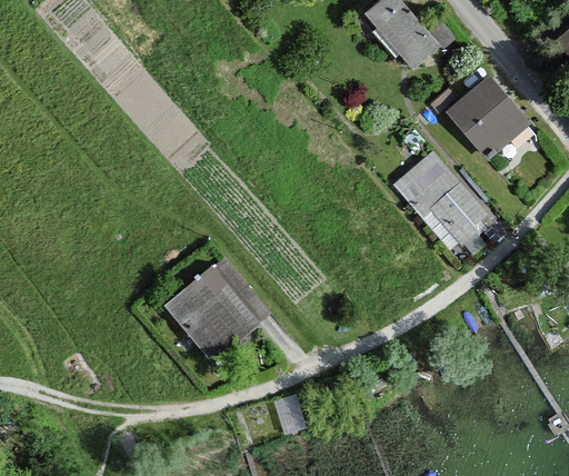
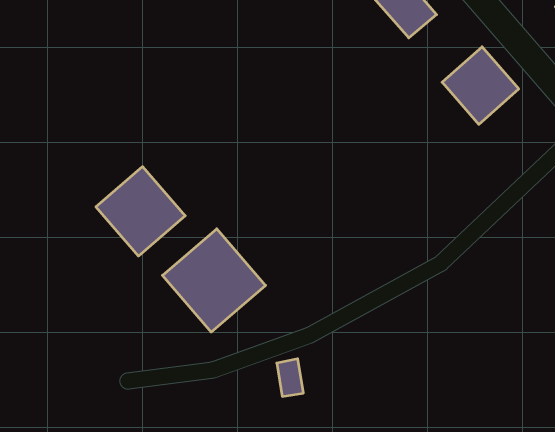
building: [396,153,488,249] -> none
building: none -> [96,167,185,256]

